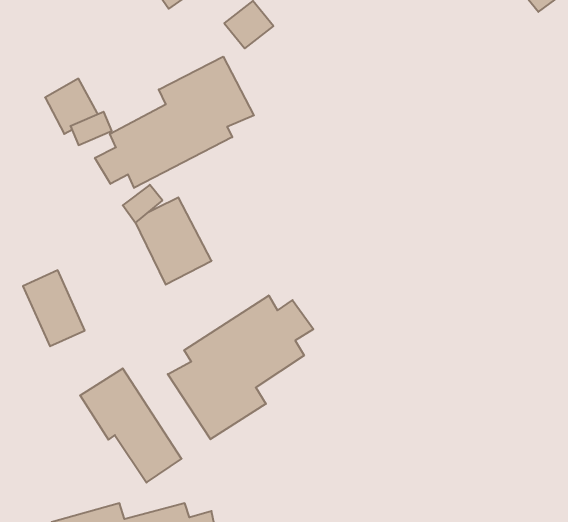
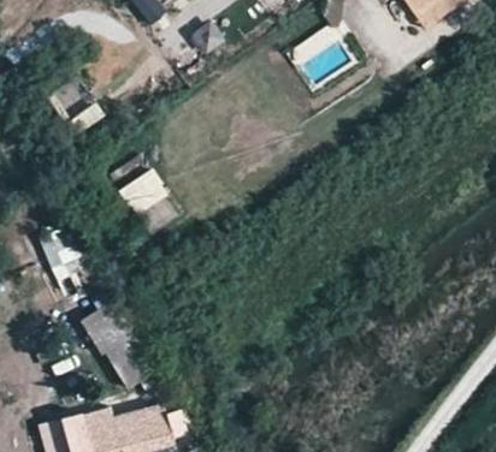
building: [95,57,254,188] -> none
building: [168,295,313,439] -> none

